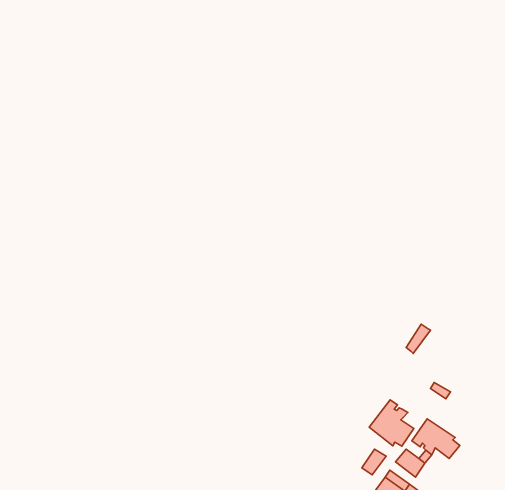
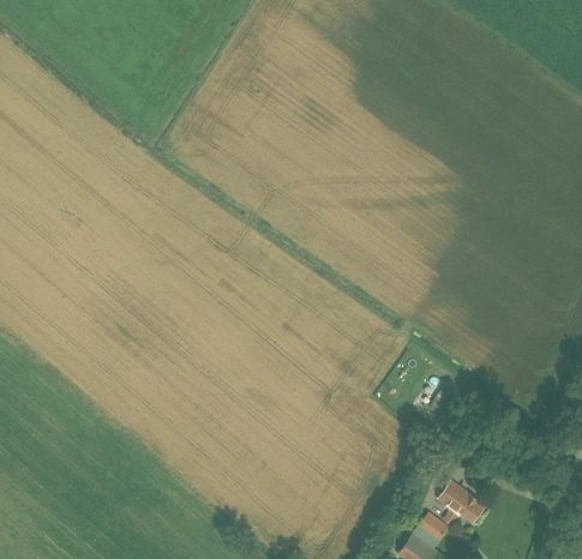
building: [369,400,414,446] -> none

